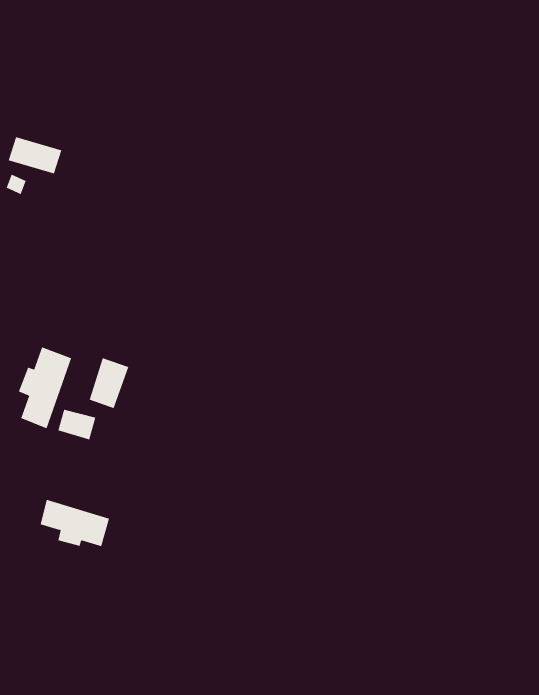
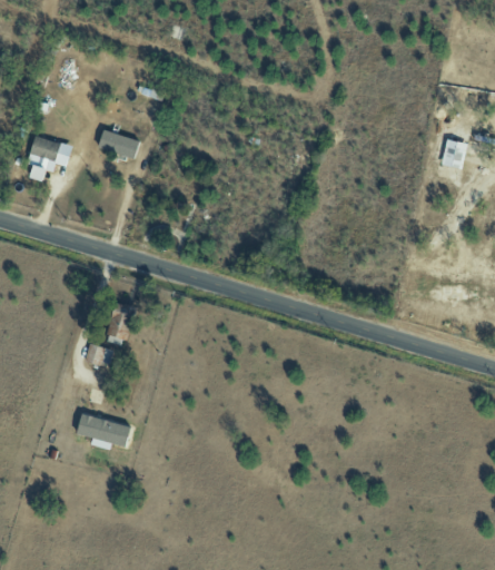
building: none -> [98,131,139,156]
building: [18,347,72,429] -> none

